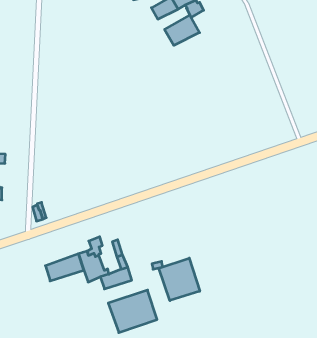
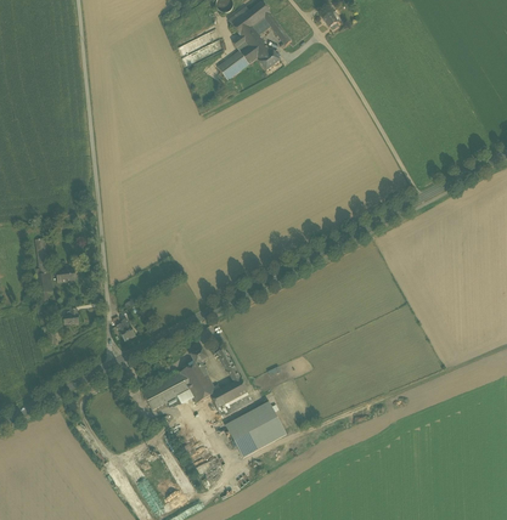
building: [165,15,200,45] -> none
building: [159,258,200,301] -> none

